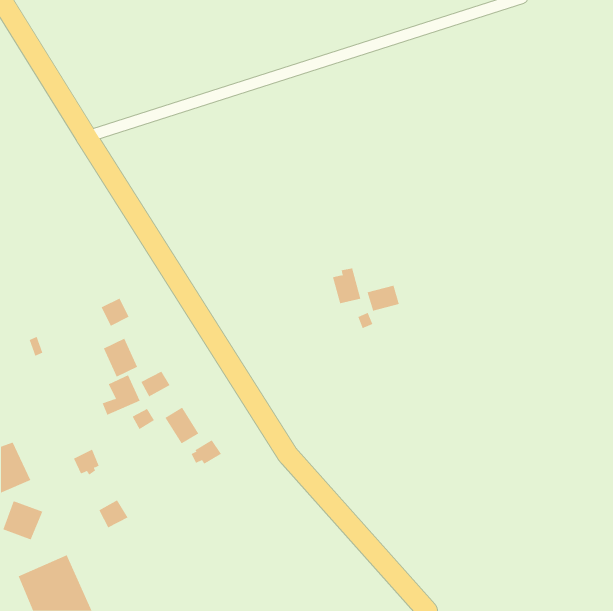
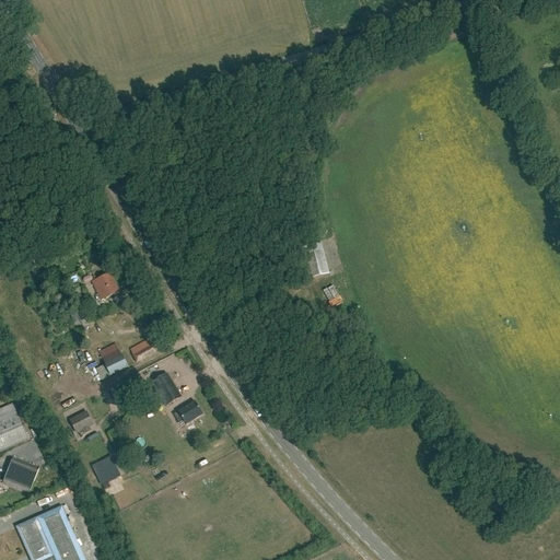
building: [367,285,400,312] -> none
building: [103,338,138,377] -> none

